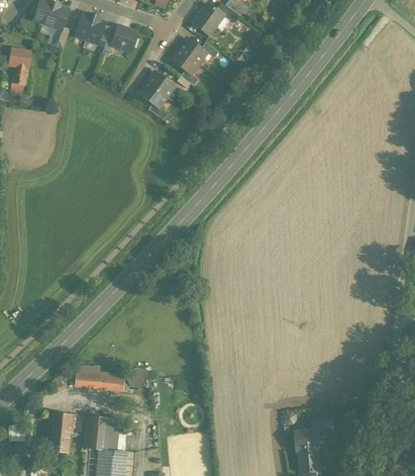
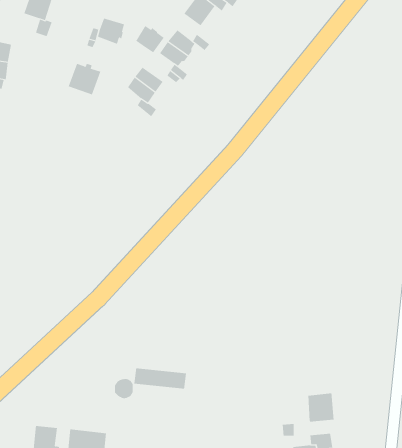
building: [75,14,106,44] -> [68,63,101,95]
building: none -> [135,25,164,53]
building: [75,370,125,390] -> [133,368,187,389]
building: none -> [308,393,334,423]

